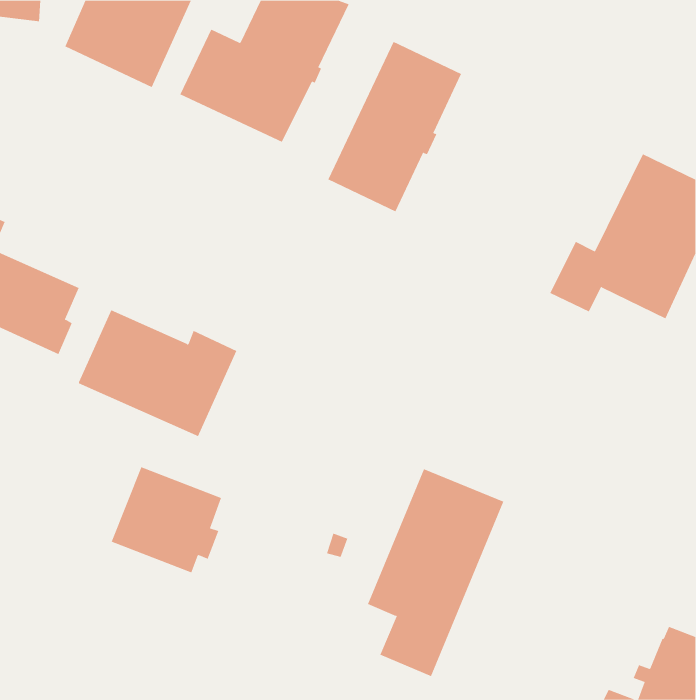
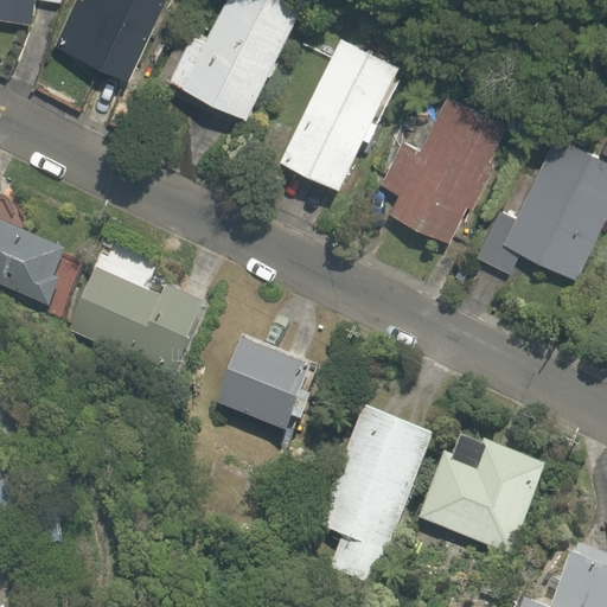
building: none -> [379,92,507,238]
building: [111,466,222,573] -> [219,339,315,432]
building: none -> [420,439,548,554]

